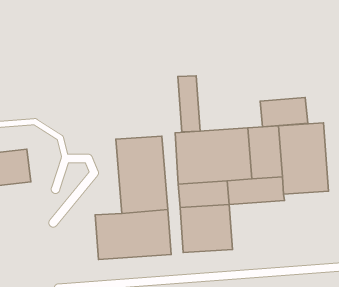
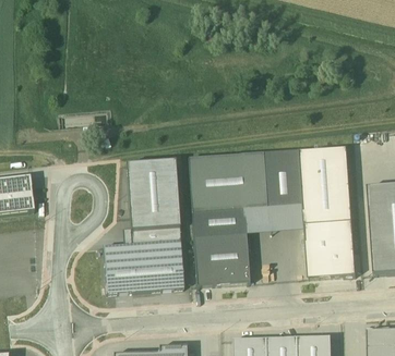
building: [178,76,200,132] -> none
building: [260,98,308,127] -> none
building: none -> [303,219,355,277]

